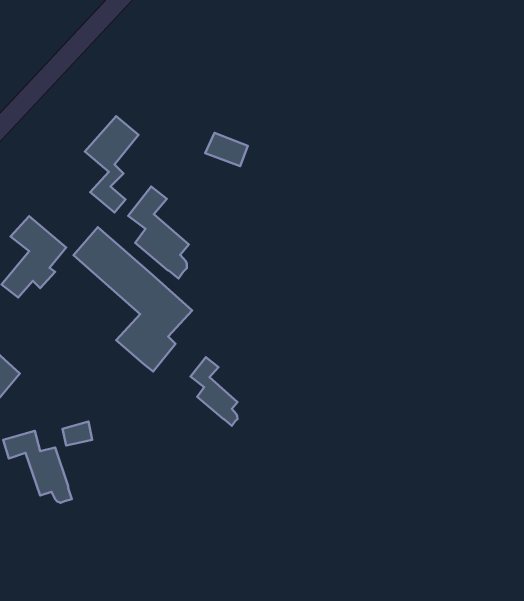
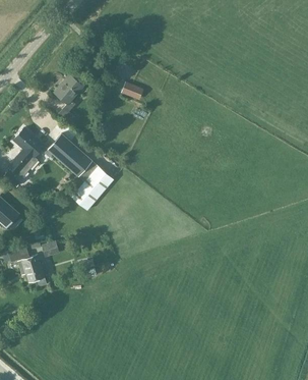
building: [128,187,189,278] -> none
building: [190,357,238,426] -> none

